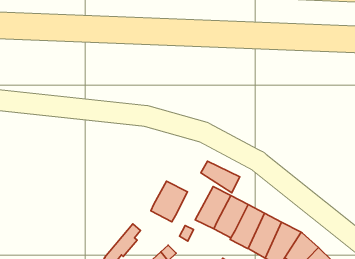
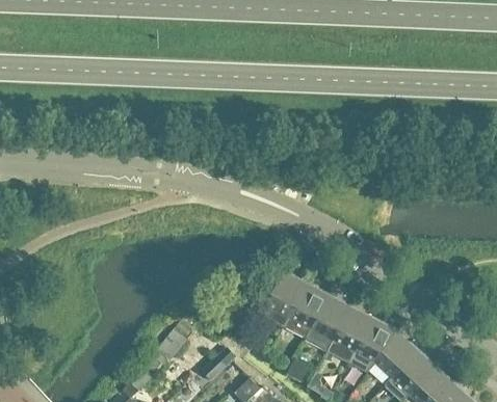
building: [201,161,240,193] -> none
building: [151,181,187,222] -> none

